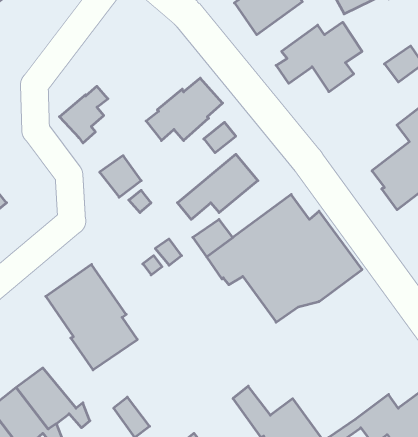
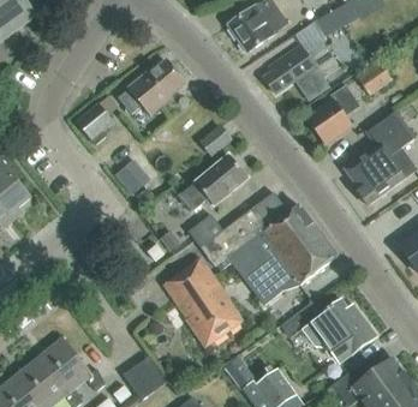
building: none -> [305,83,359,144]
building: [146,78,223,141] -> [118,61,184,115]
building: [46,264,137,370] -> [163,256,243,347]
building: none -> [280,300,375,364]

